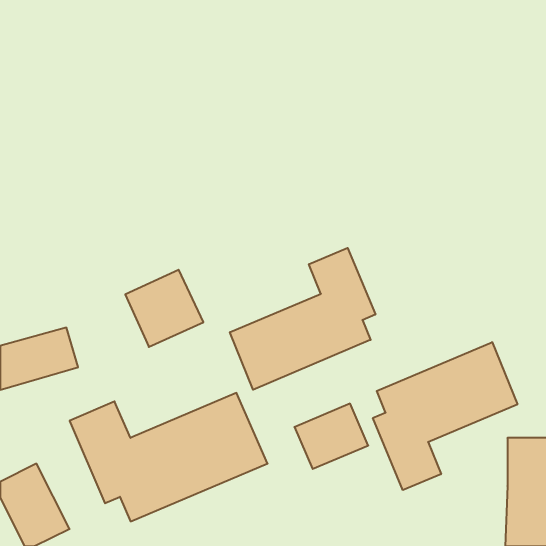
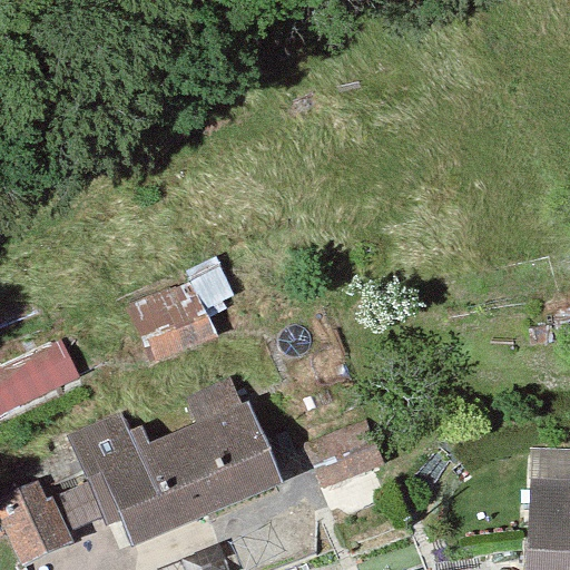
building: [230,248,375,390] -> none
building: [373,342,517,490] -> none

